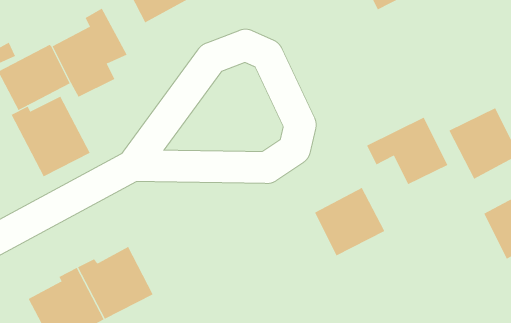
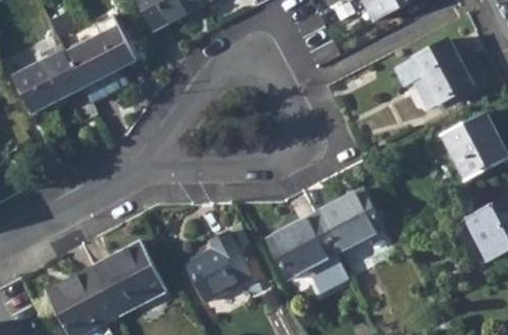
building: [11,96,91,177] -> none
building: [366,117,448,185] -> [396,39,473,103]
building: none -> [265,211,347,292]
building: none -> [185,233,247,299]

